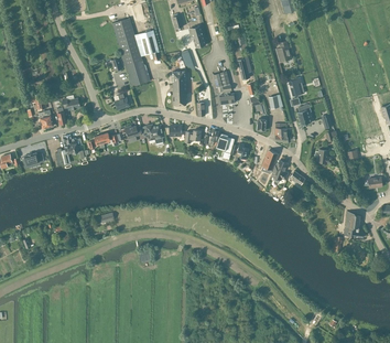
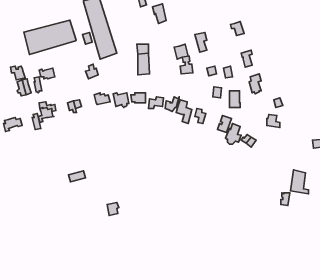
building: none -> [24,20,76,54]

